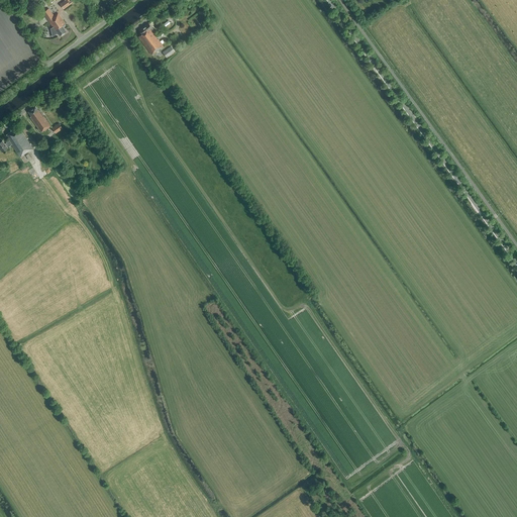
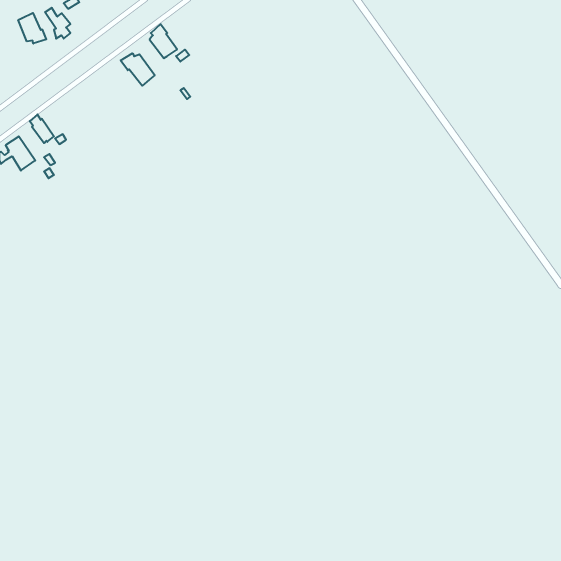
building: none -> [18,13,46,44]
building: none -> [121,53,155,86]

